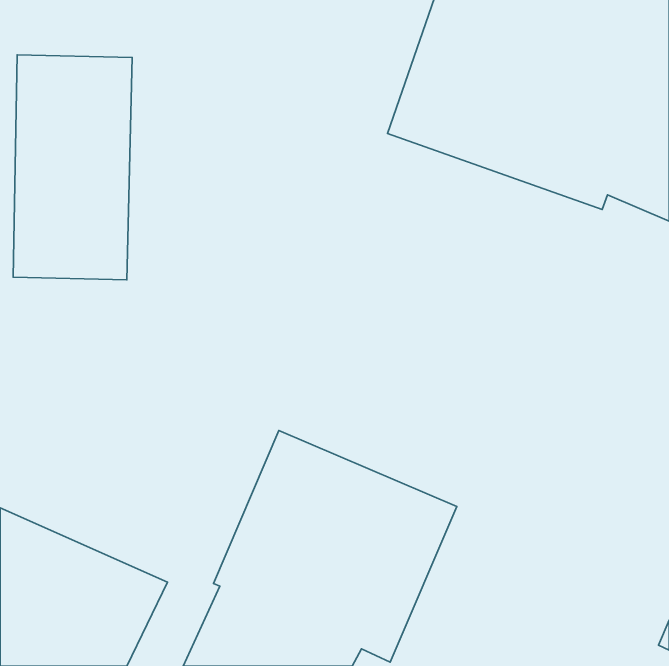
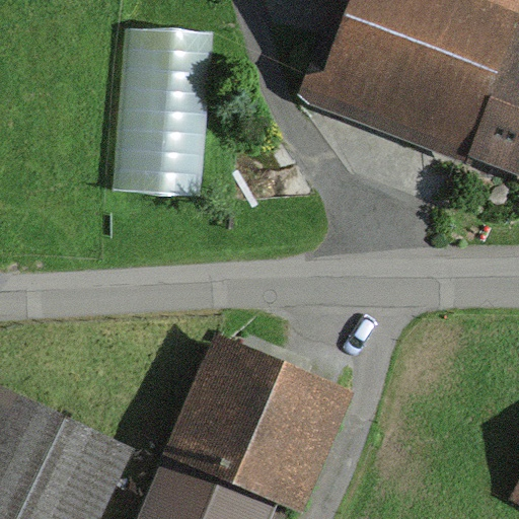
building: [13,55,132,280] -> [120,29,212,204]

